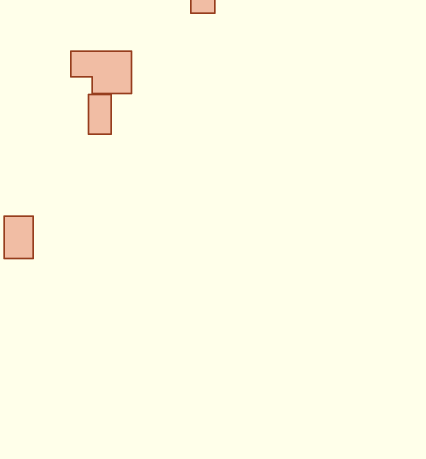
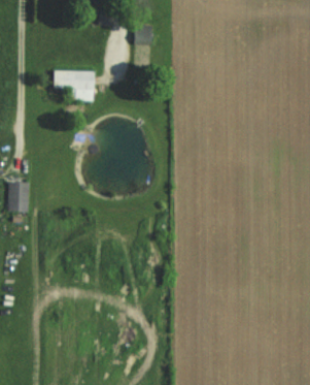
building: [88,94,111,134] -> none

